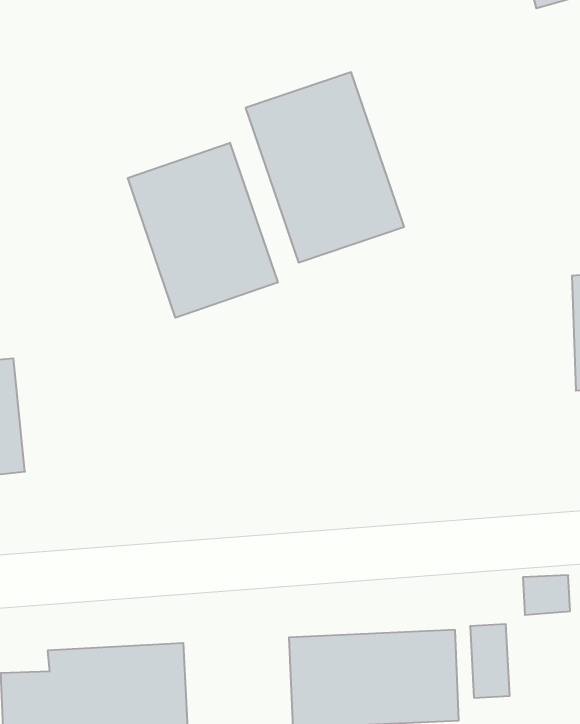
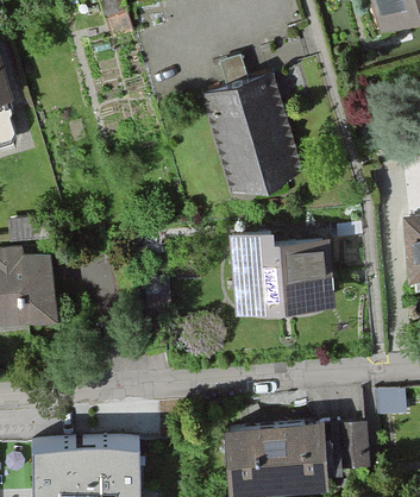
building: [128,143,278,318] -> none
building: none -> [233,231,331,306]

